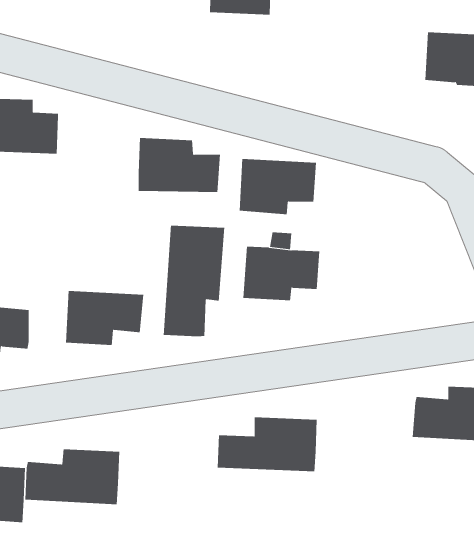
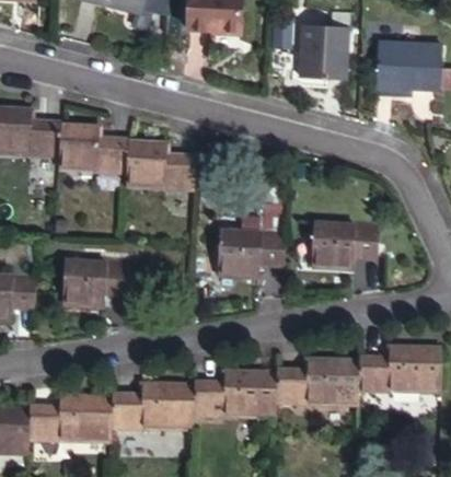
building: none -> [296,22,345,78]
building: none -> [57,115,127,164]
building: [239,159,317,215] -> [312,220,379,268]
building: [163,225,225,337] -> none
building: none -> [279,359,363,407]
building: none -> [109,386,195,434]

